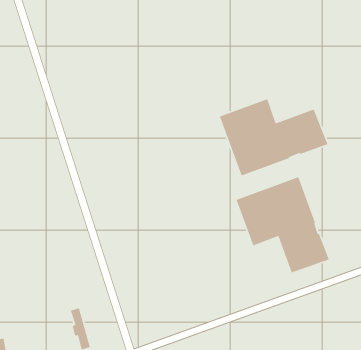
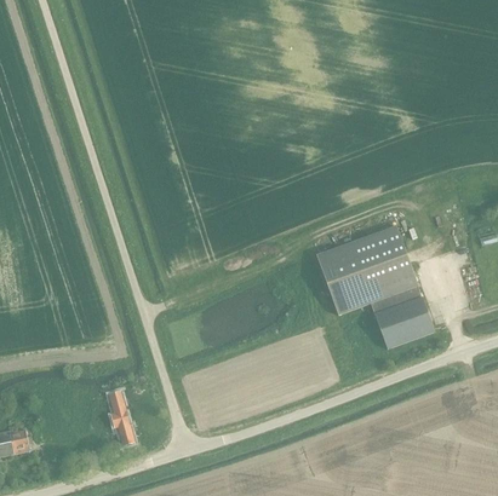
building: [219,98,328,177] -> none

